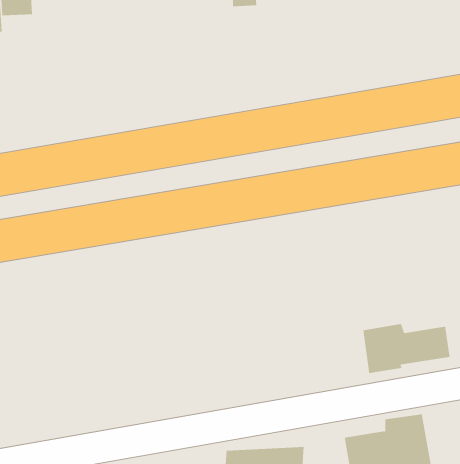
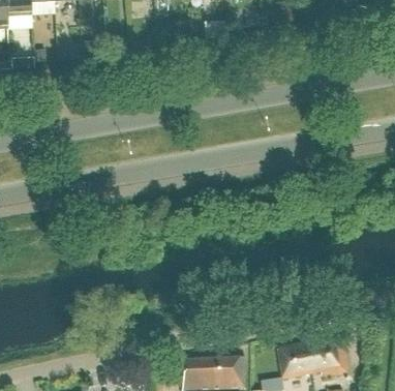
building: [363,323,450,374] -> none

